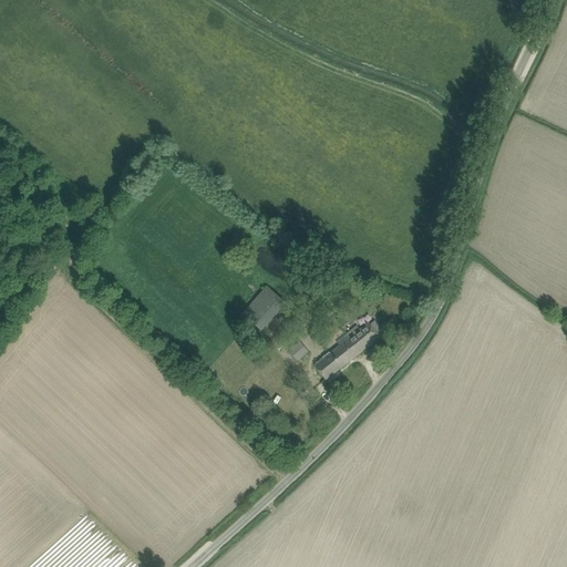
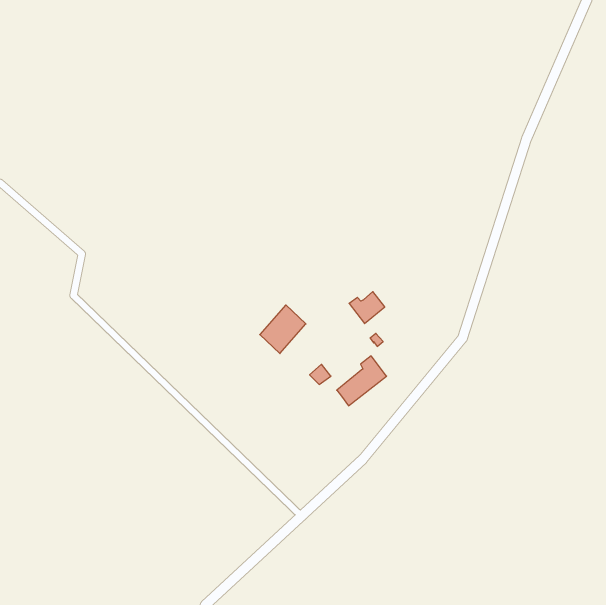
building: [347,321,380,351] -> [349,292,385,324]

